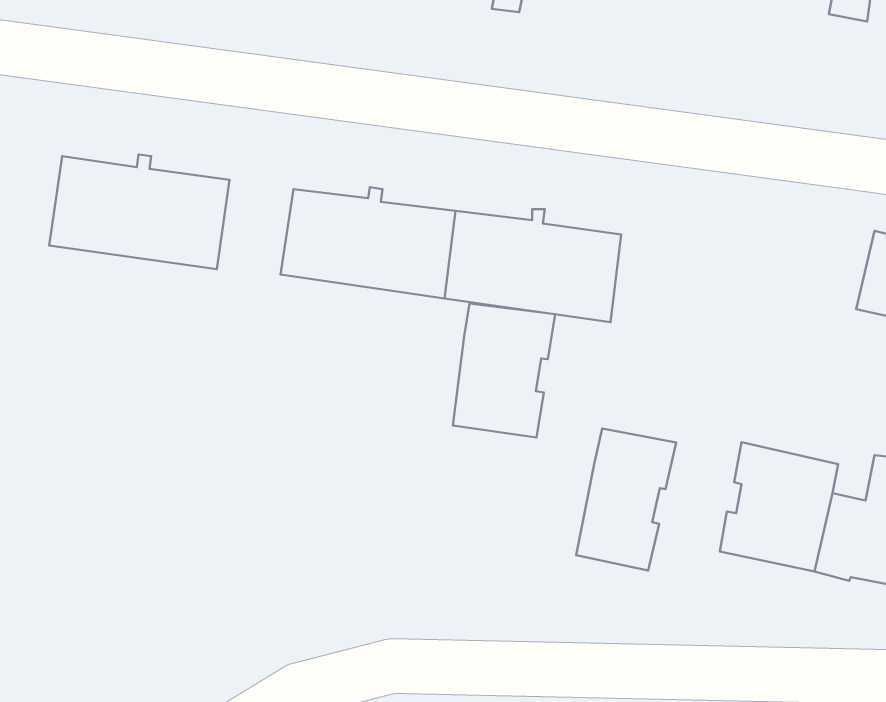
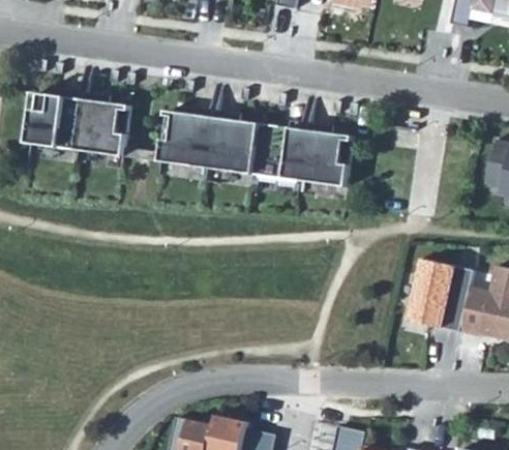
building: [453,303,555,437] -> none
building: [576,429,676,570] -> none

